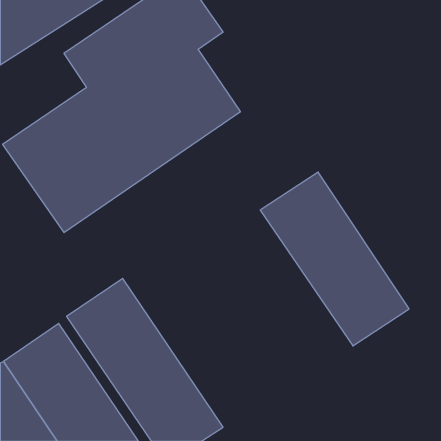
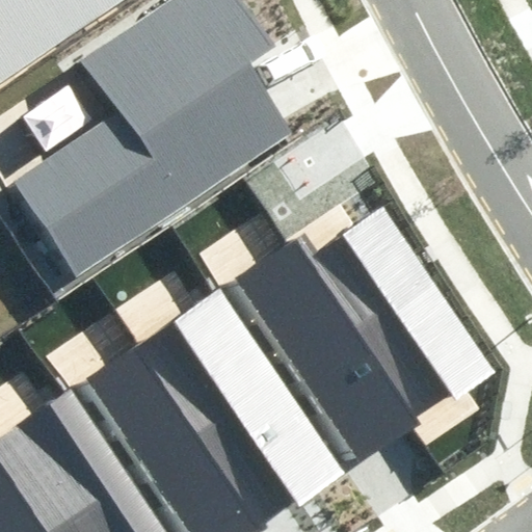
building: none -> [236,237,425,460]
building: none -> [149,290,337,513]

